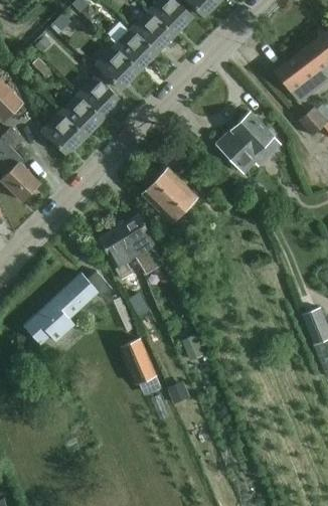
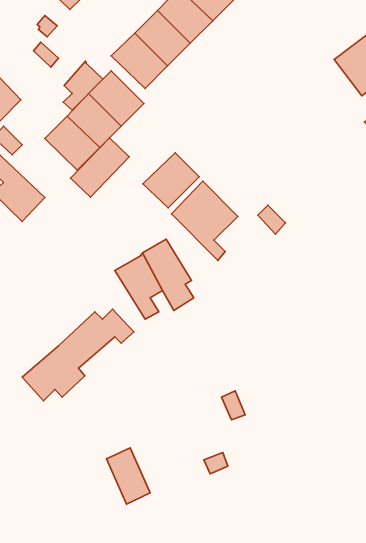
building: none -> [63,61,103,110]
building: [217,112,281,171] -> none
building: none -> [71,138,129,197]
building: none -> [143,153,199,208]
building: [121,337,156,382] -> [106,448,150,504]

